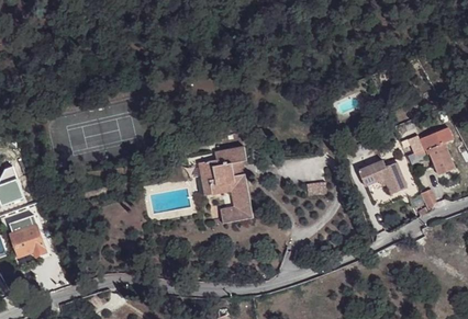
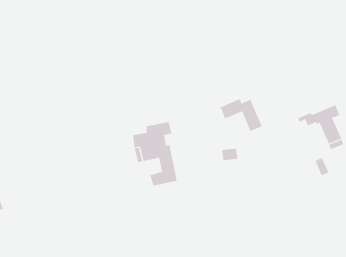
building: [356,161,409,202] -> [219,98,263,132]

